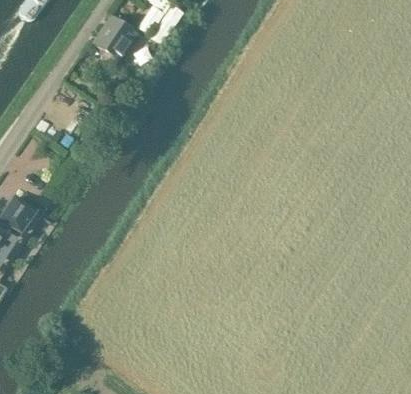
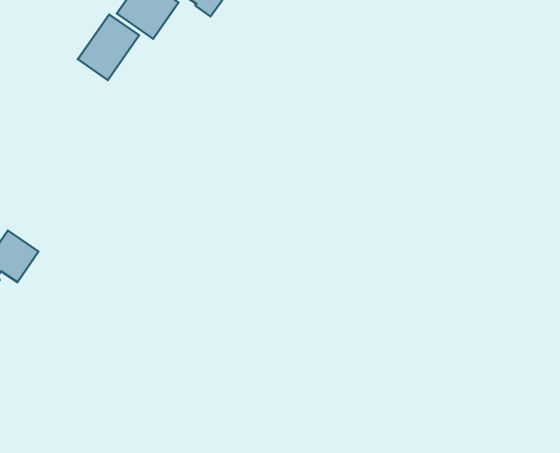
building: none -> [78,14,139,80]

